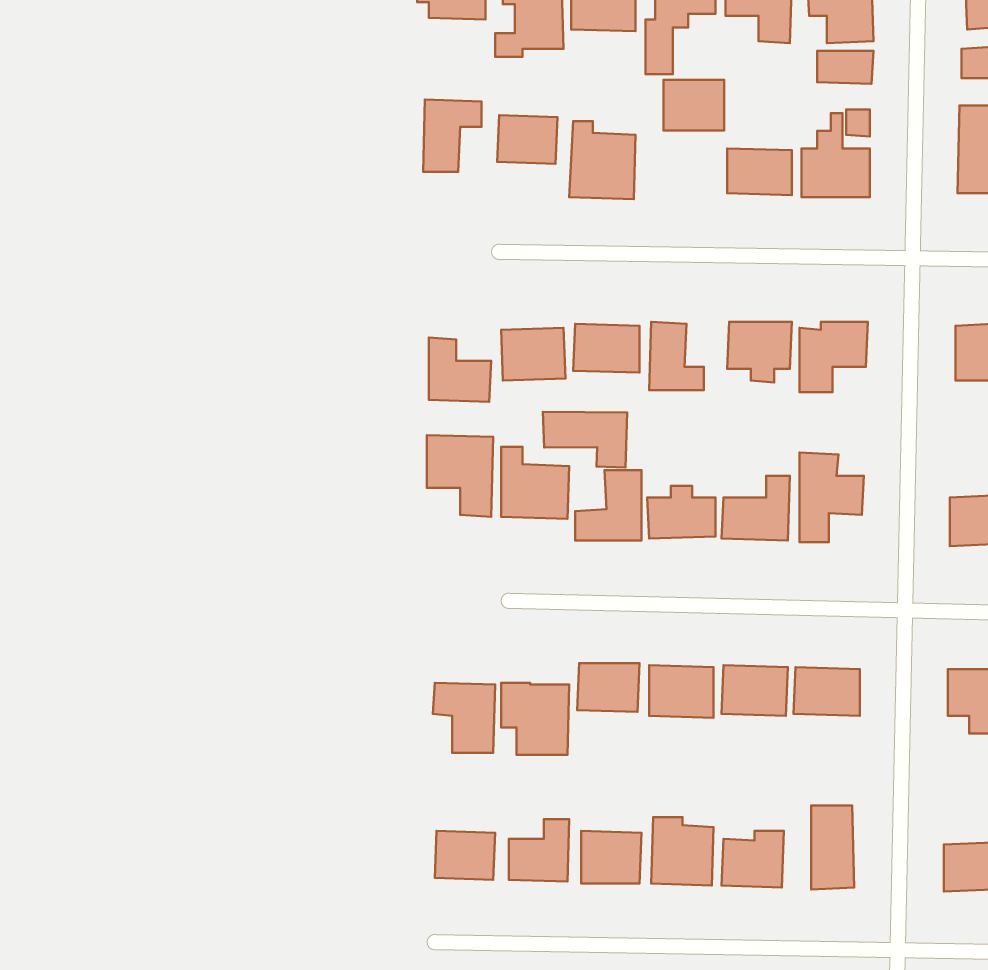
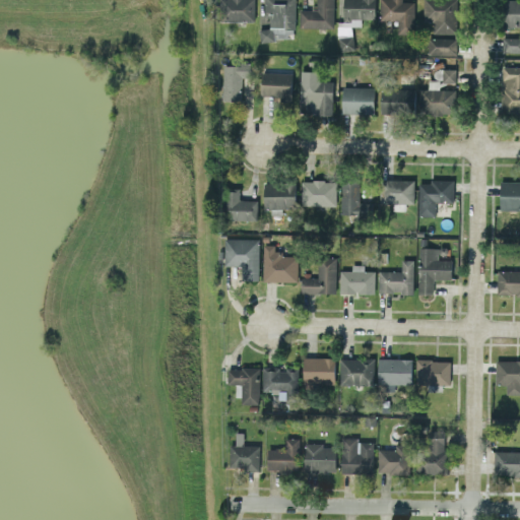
building: [664,80,724,130] -> [342,88,374,115]
building: [543,412,627,467] -> none

